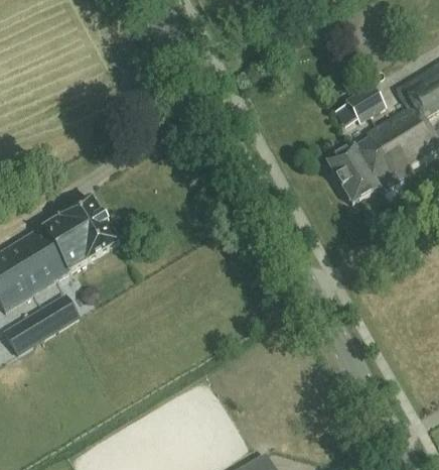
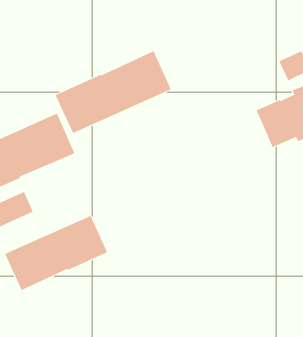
building: none -> [55,50,172,134]
building: none -> [4,215,108,291]

